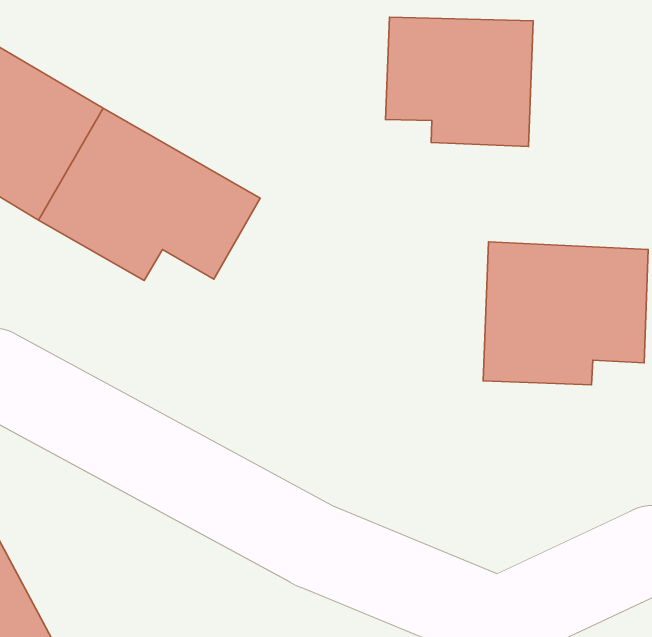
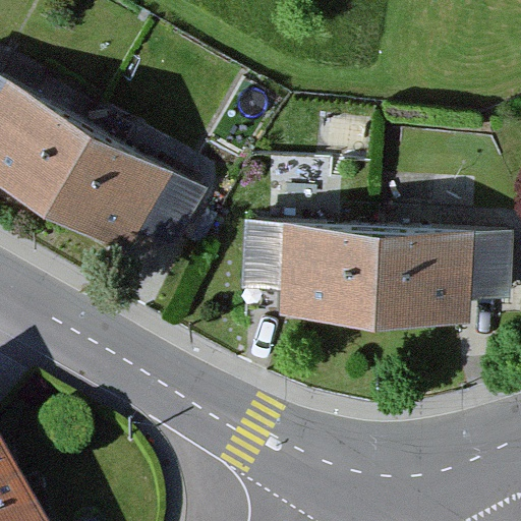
building: [385,17,533,146] -> none
building: none -> [237,202,386,317]

